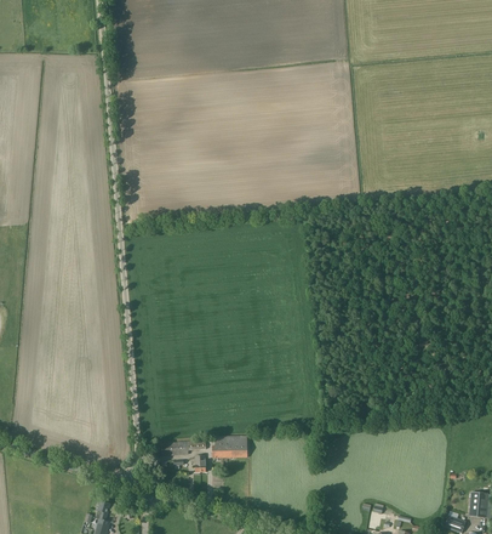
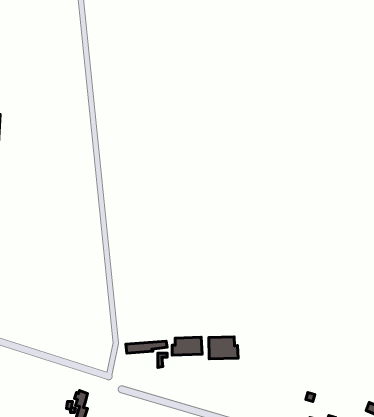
building: none -> [209,337,238,359]

